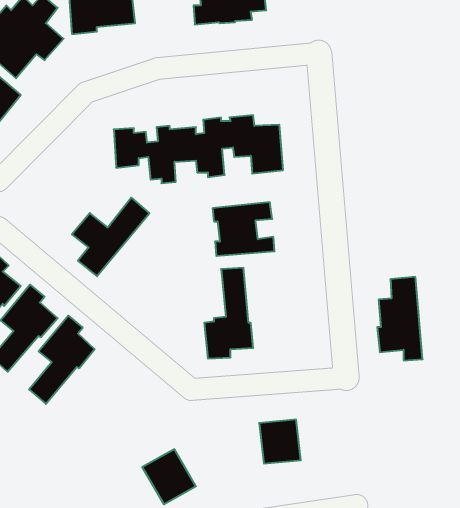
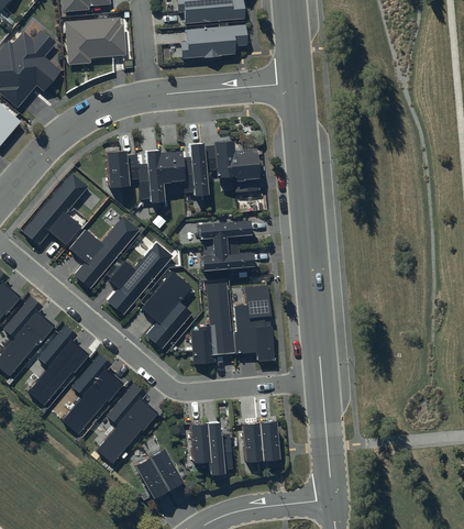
building: none -> [22,173,88,246]
building: none -> [108,242,173,315]
building: none -> [142,272,192,349]
building: [377,277,423,360] -> [233,285,275,362]
building: none -> [63,354,124,434]
building: none -> [97,383,158,464]
building: none -> [190,422,233,474]

